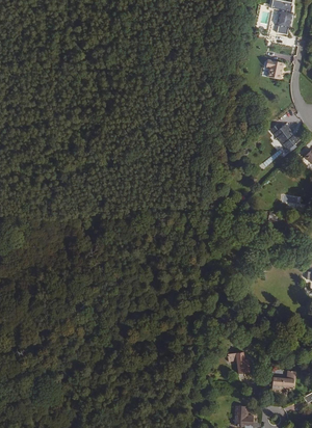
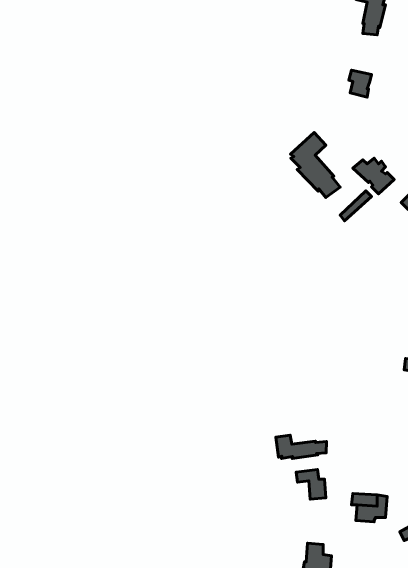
building: none -> [290,132,340,197]
building: none -> [276,435,326,459]

